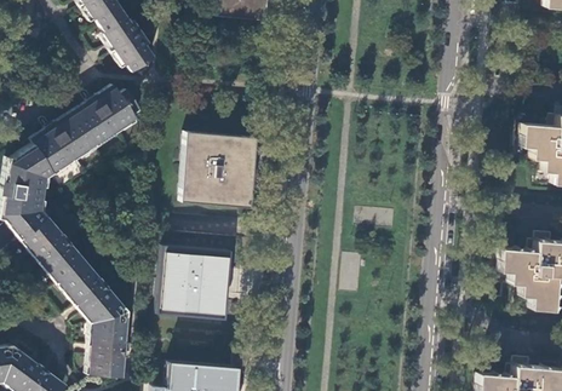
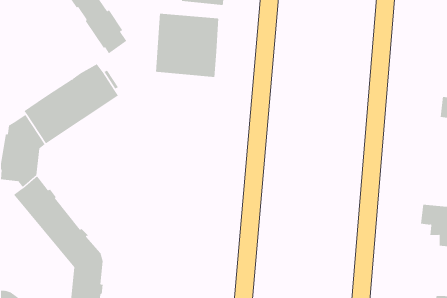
building: [182,133,257,208] -> [155,13,219,77]
building: [157,246,230,320] -> none

